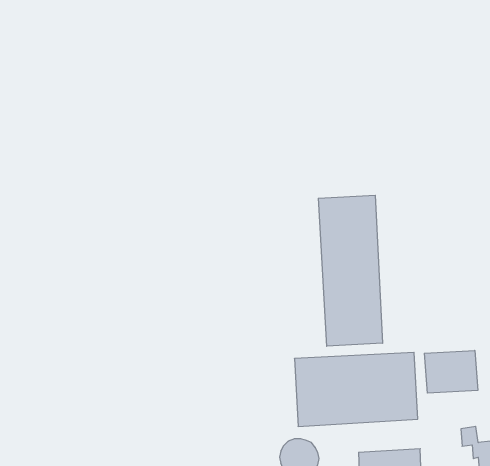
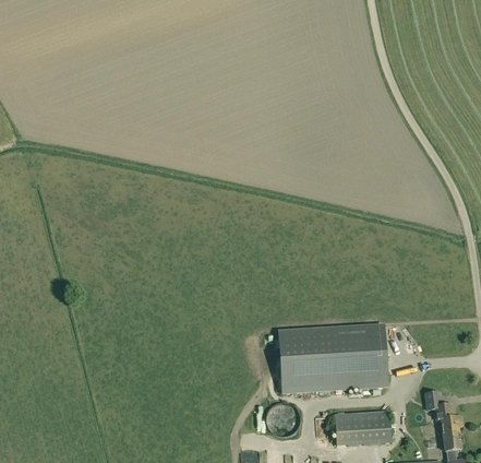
building: [318,195,383,346] -> none
building: [424,350,478,393] -> none

